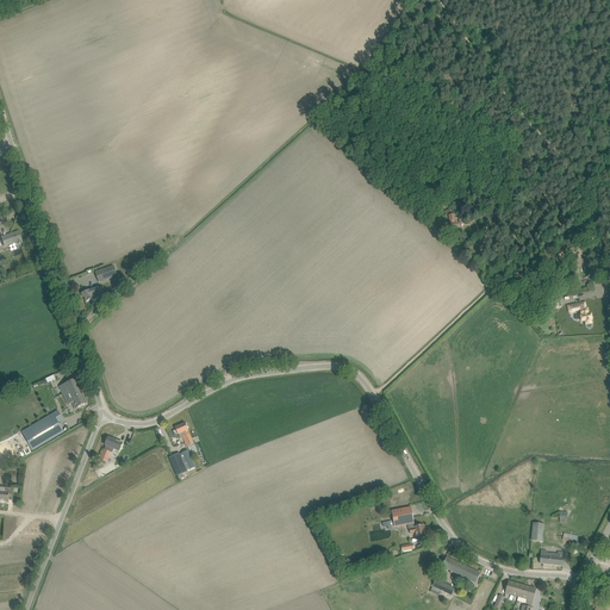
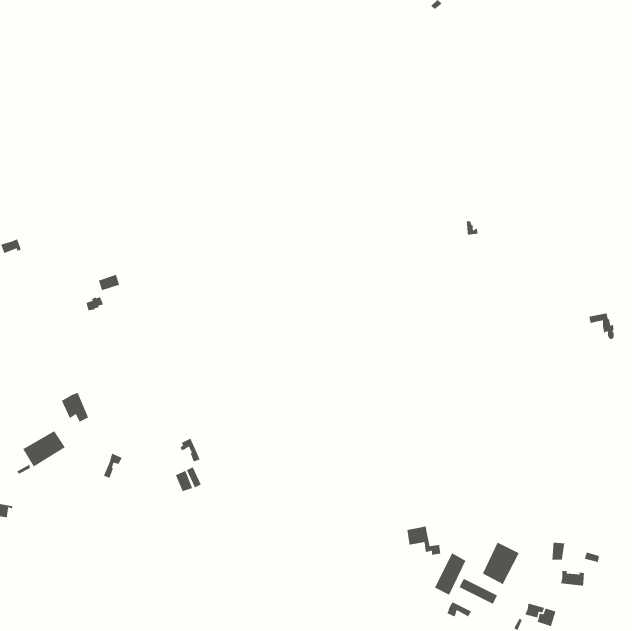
building: none -> [482,542,520,585]
building: none -> [434,552,467,596]

